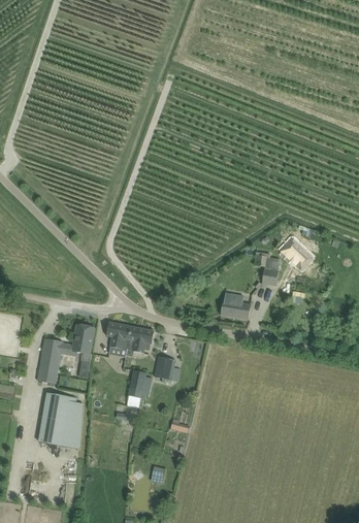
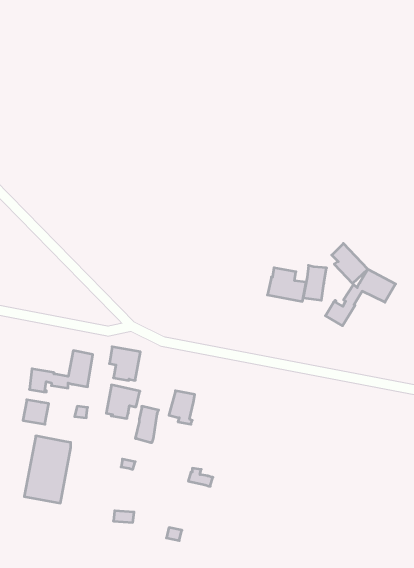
building: none -> [325,269,396,326]
building: [221,293,252,320] -> [267,268,306,301]
building: [128,326,155,353] -> [106,385,140,418]

